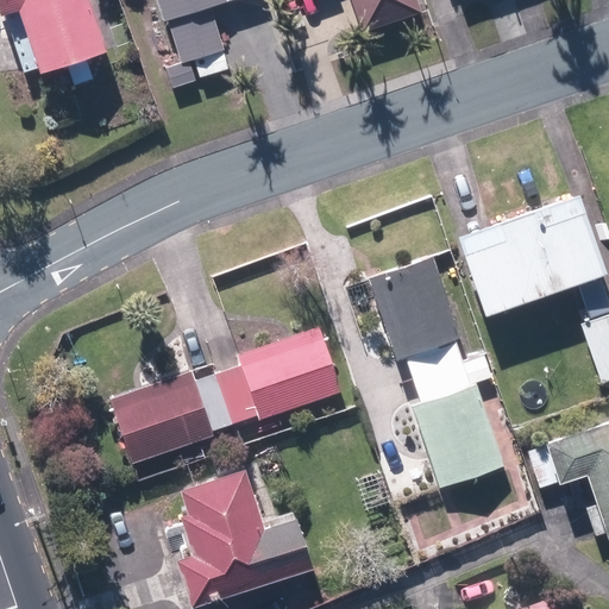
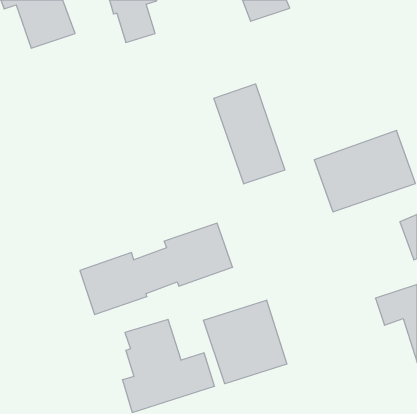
building: none -> [214,84,285,184]
building: [370,258,503,486] -> none
building: none -> [204,300,287,384]

